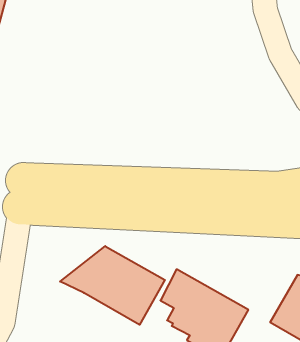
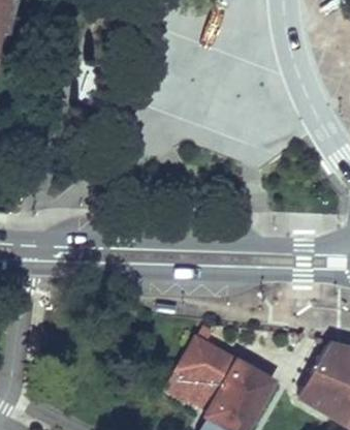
building: [60,246,165,325] -> none

